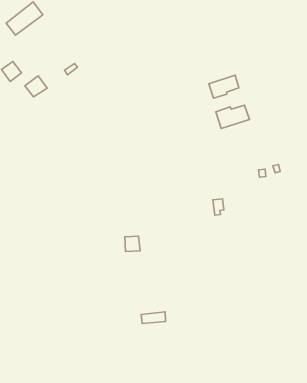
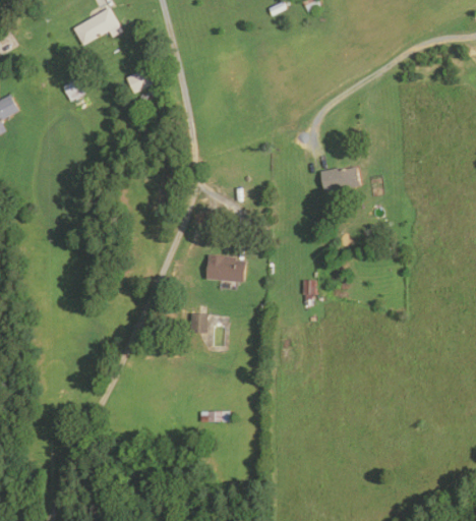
building: [209,75,239,98] -> none
building: [25,76,47,97] -> [127,68,155,94]
building: none -> [205,253,245,282]

